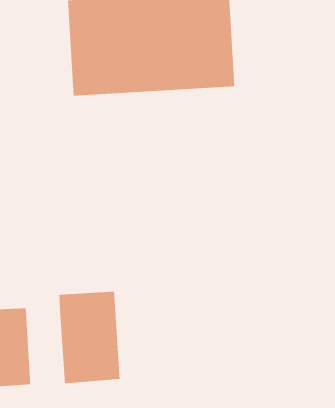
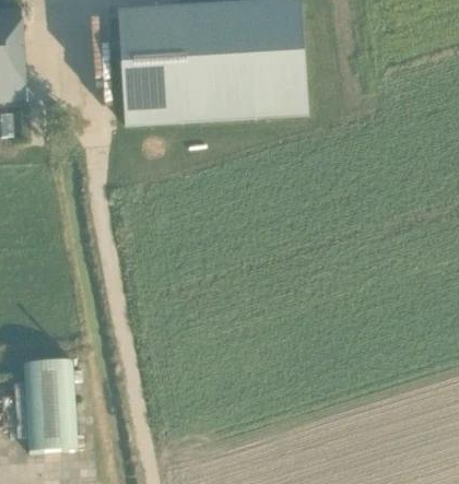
building: [59,291,120,384] -> none

